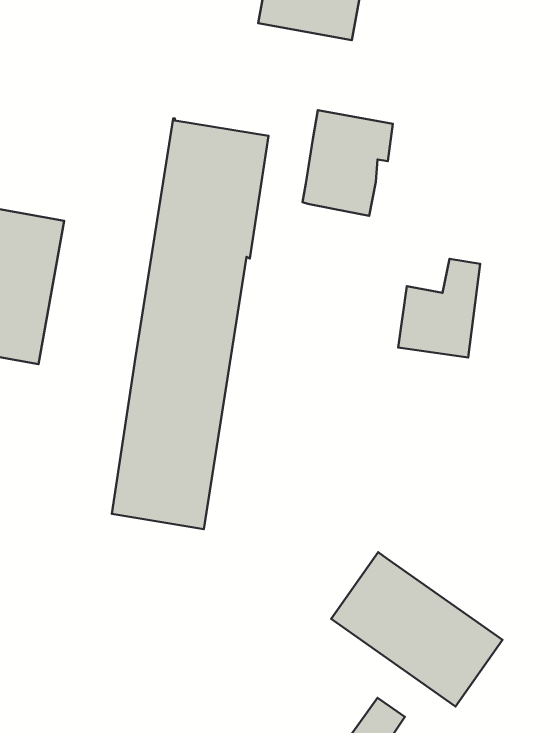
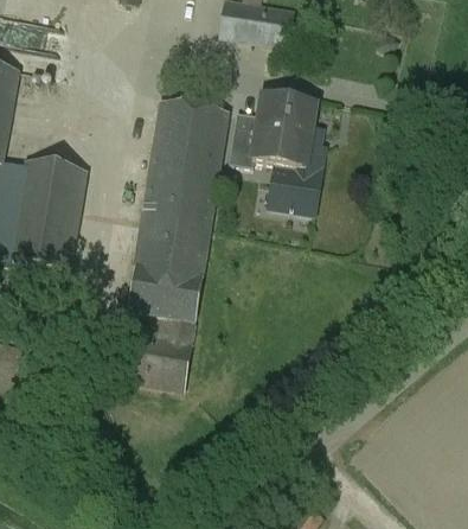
building: none -> [227,108,259,165]
building: [398,259,480,358] -> [268,141,325,210]
building: [331,552,502,706] -> none

